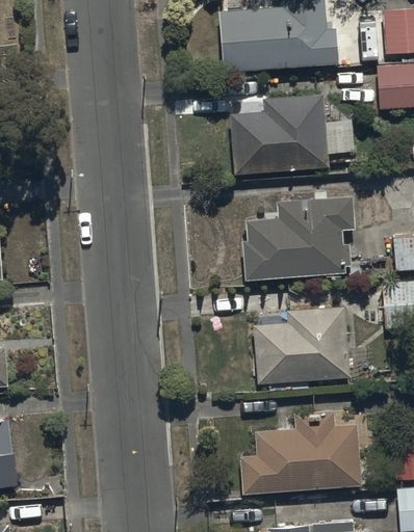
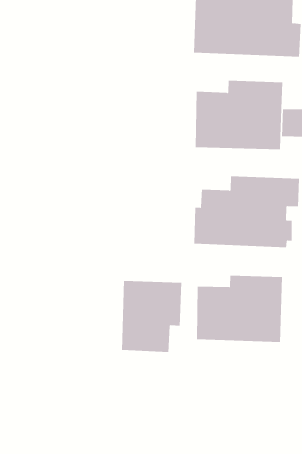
building: none -> [122,280,182,353]
building: [240,411,361,495] -> none

